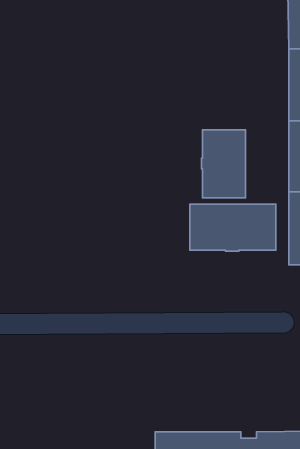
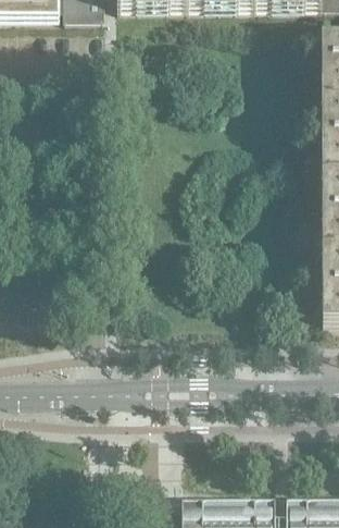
building: [202,130,246,198] -> none
building: [190,204,276,251] -> none

